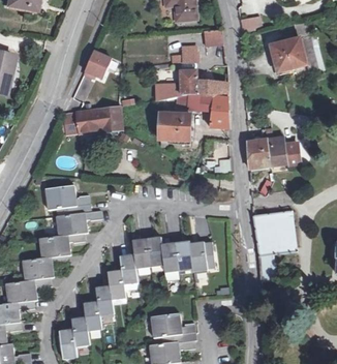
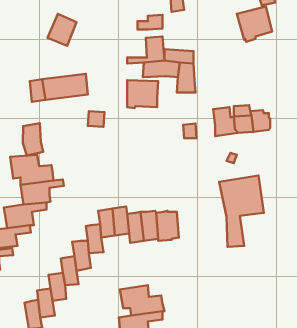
building: none -> [23,123,43,156]

